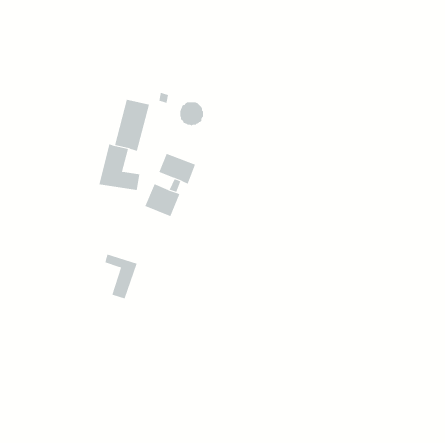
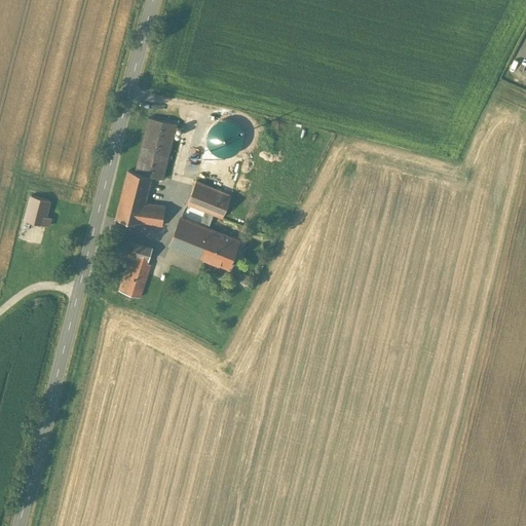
building: none -> [25,196,51,228]
building: none -> [201,231,239,269]
building: [104,254,137,299] -> [112,243,151,297]

